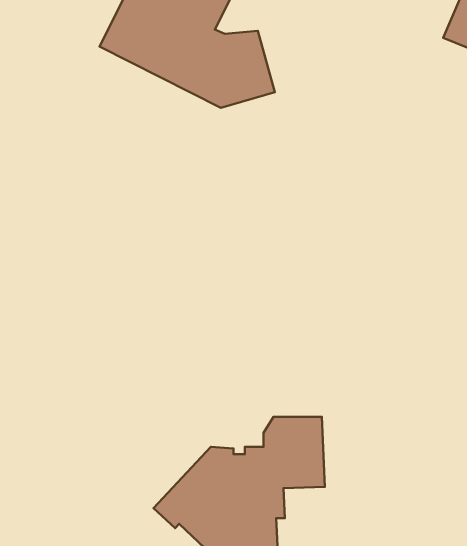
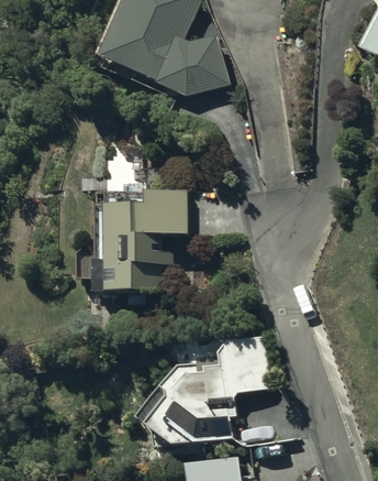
building: none -> [75,184,189,294]

